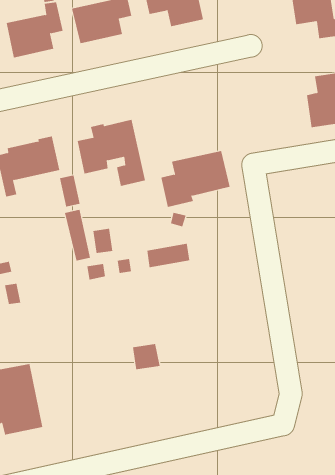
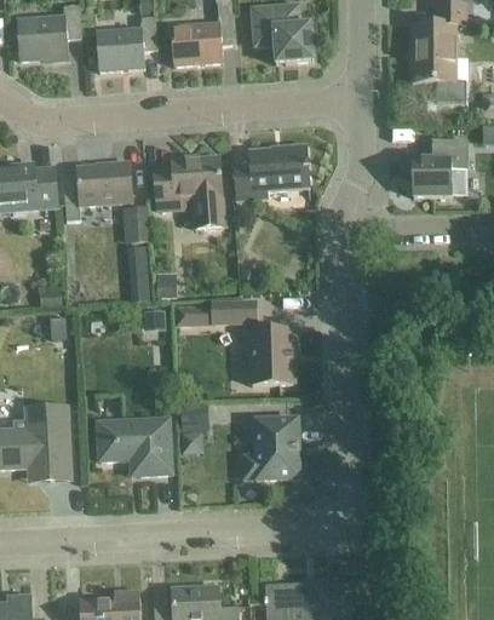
building: [160,150,231,208] -> [234,145,309,199]
building: none -> [243,328,295,384]
building: none -> [242,417,298,478]
building: none -> [97,417,172,475]

